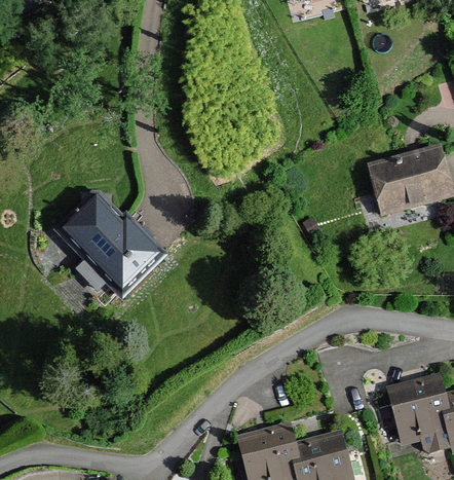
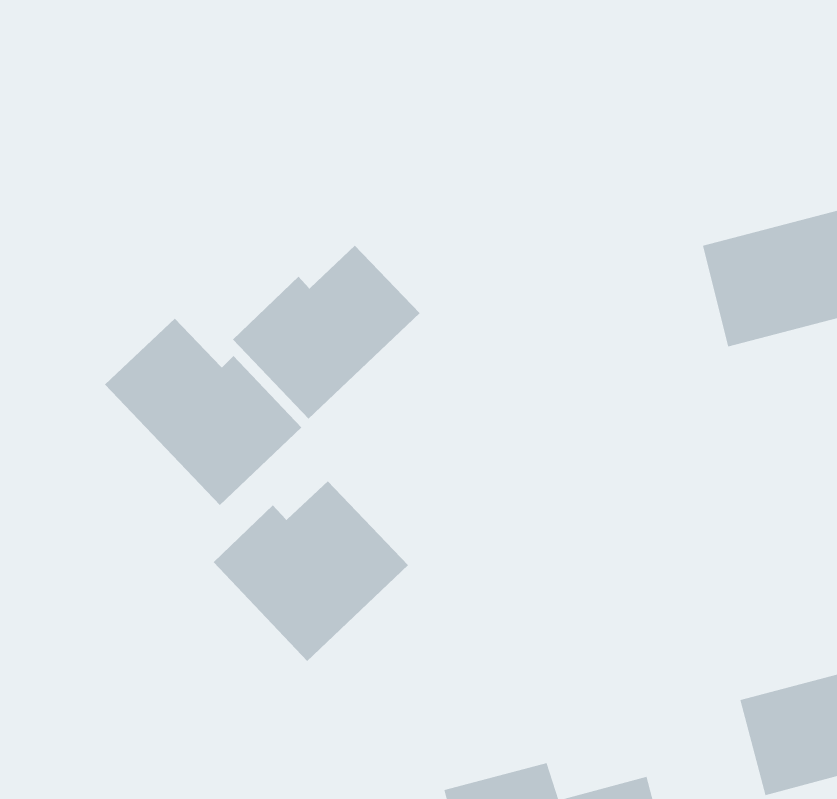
building: none -> [232,245,420,420]
building: none -> [213,480,409,662]

